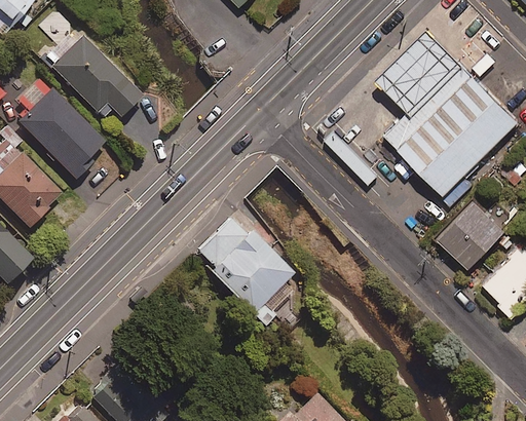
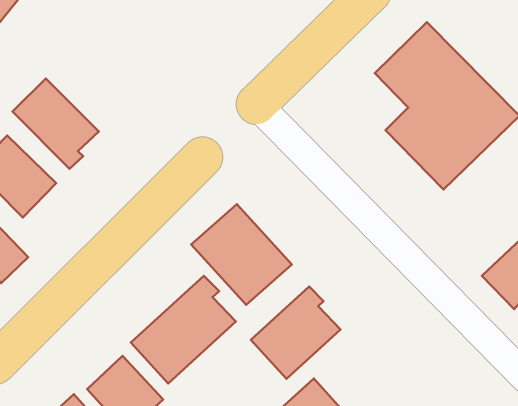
building: [50,34,142,117] -> none
building: [436,197,503,265] -> none
building: none -> [131,276,236,384]
building: none -> [251,286,341,379]

